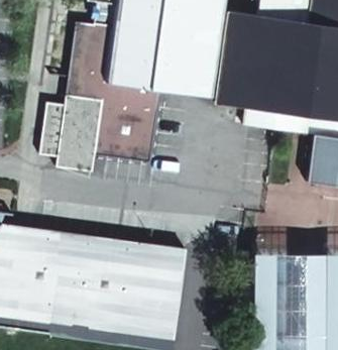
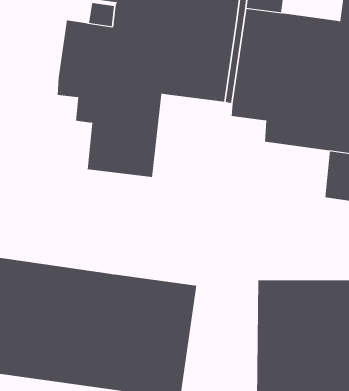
building: [40,85,97,160] -> none

